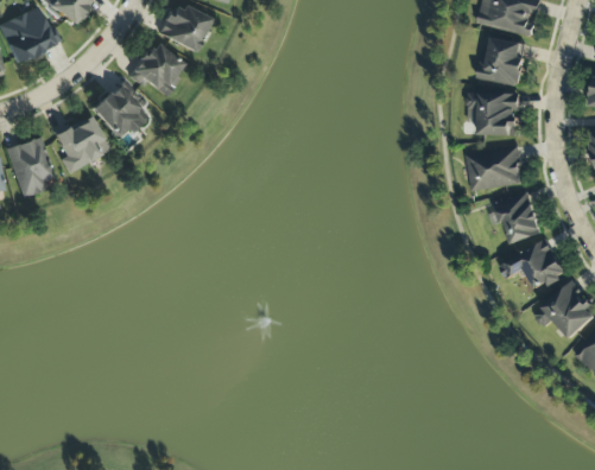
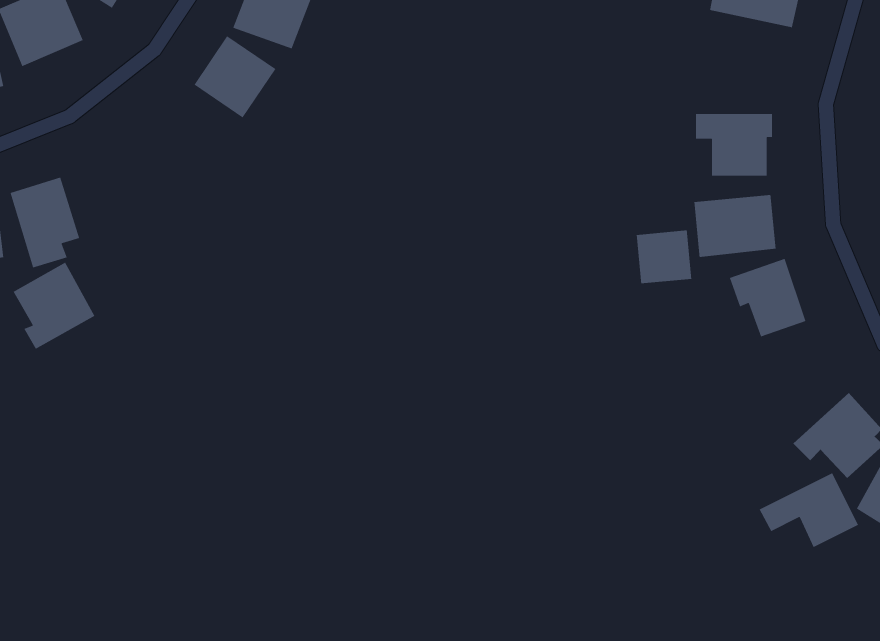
building: [477,38,527,88] -> none
building: [90,80,145,141] -> none
building: [53,114,109,173] -> [12,261,95,350]
building: none -> [636,230,692,284]
building: [499,240,566,291] -> [758,472,859,548]

